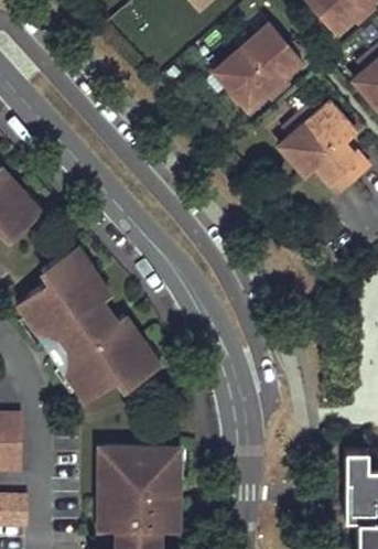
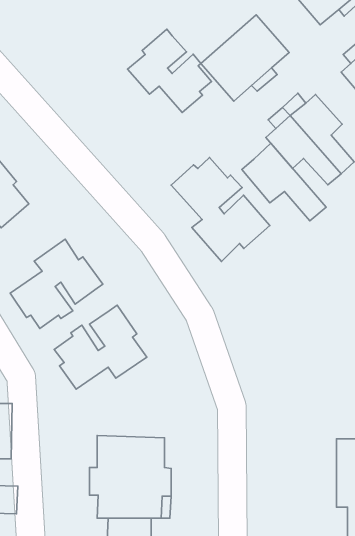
building: none -> [128,29,211,112]
building: none -> [242,143,326,221]
building: none -> [171,157,270,261]
building: [51,292,120,360] -> none

